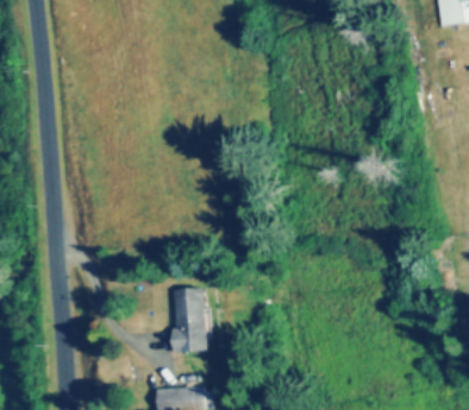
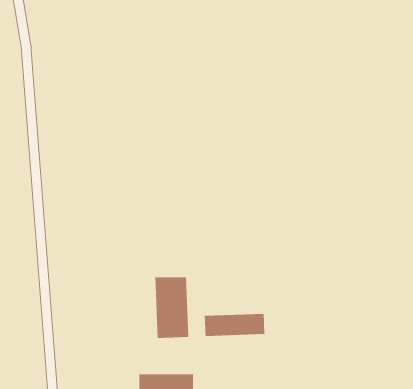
building: none -> [204,313,265,337]

